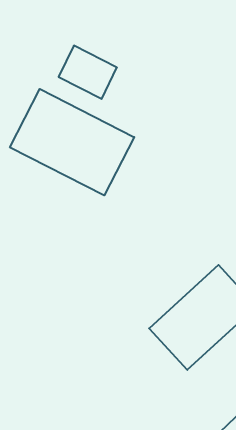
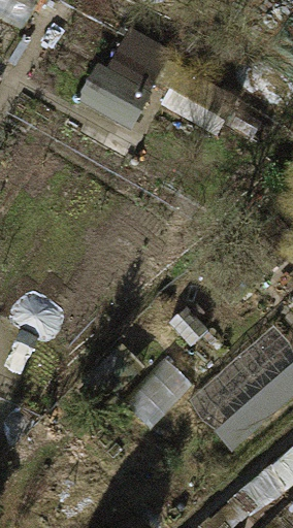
building: [10,89,134,195] -> none

